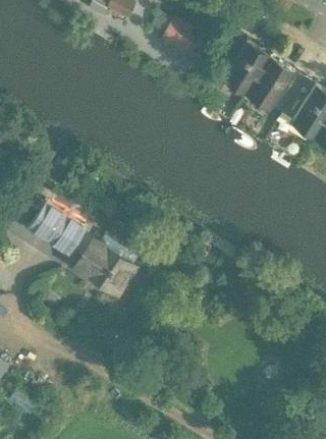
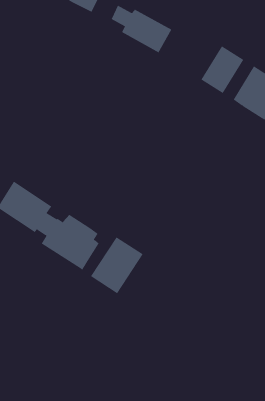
building: [222,40,268,92] -> none
building: none -> [90,236,144,294]

